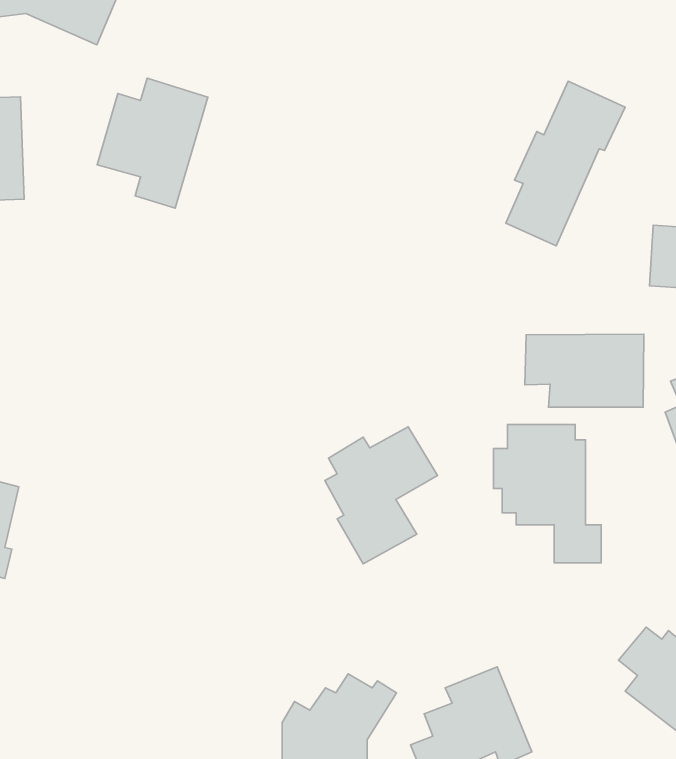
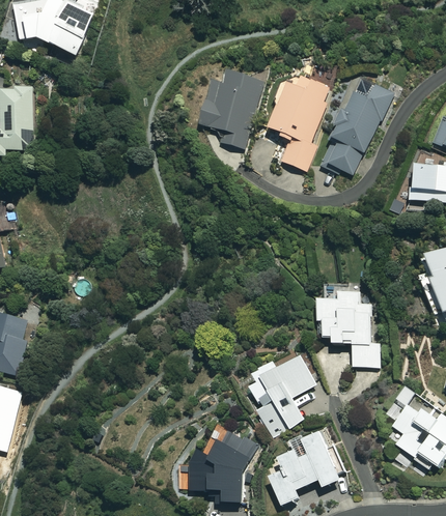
building: none -> [268,71,331,170]
building: [97,78,208,208] -> [198,70,264,148]
building: [525,334,644,407] -> none
building: [325,427,438,564] -> [250,354,317,436]

